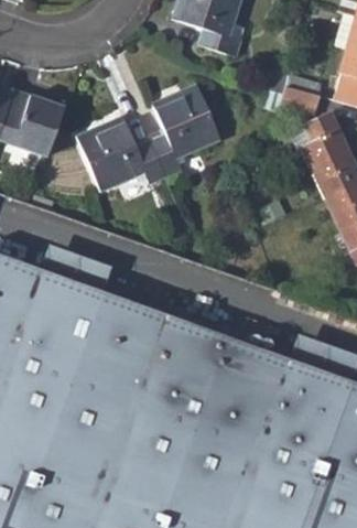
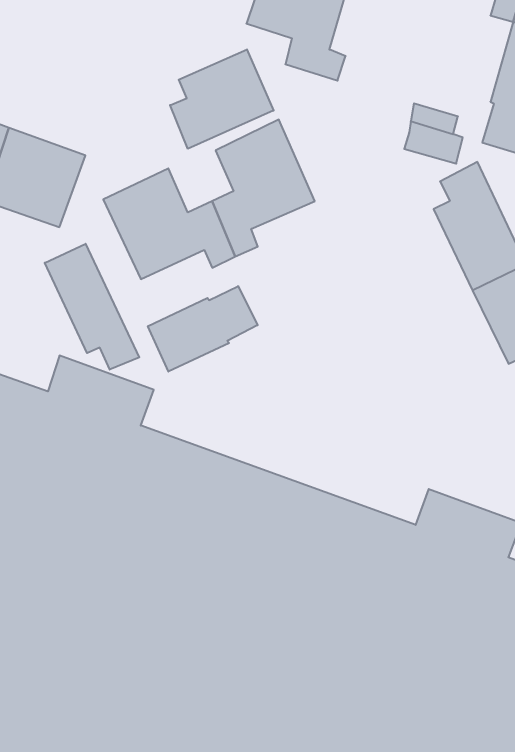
building: none -> [170,49,274,149]
building: none -> [45,244,139,370]
building: none -> [148,286,258,372]

